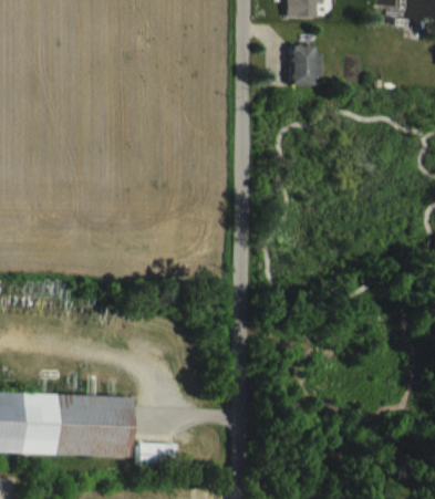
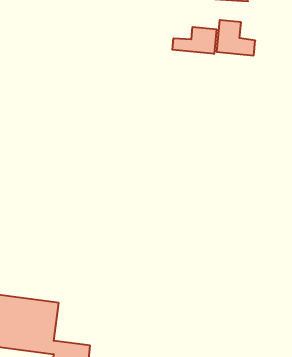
building: none -> [172,27,217,54]

